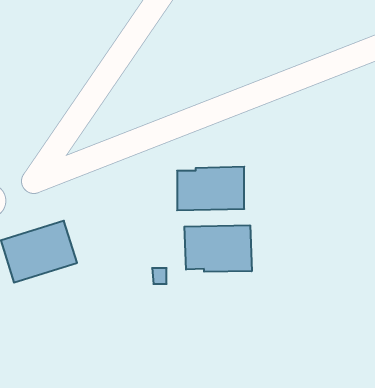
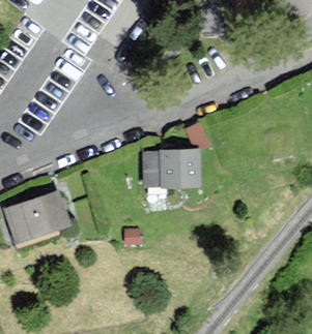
building: [184,225,252,272] -> none

